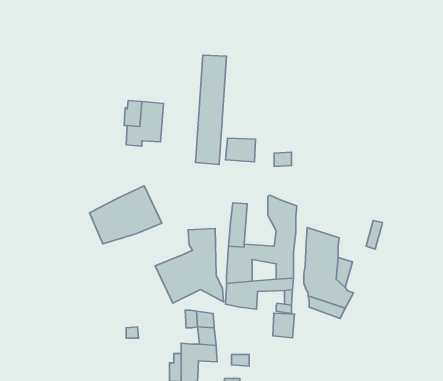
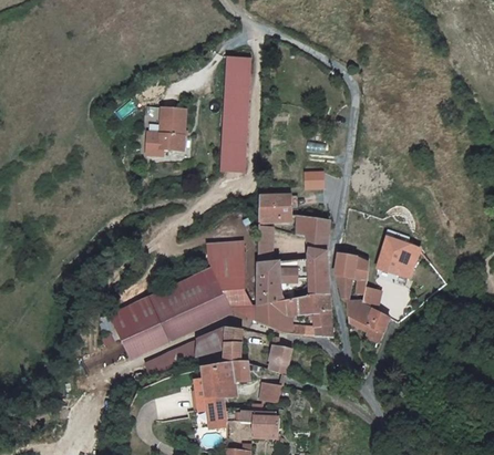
building: [226,138,256,162] -> [259,196,291,221]
building: [89,186,162,244] -> [117,287,195,349]
building: none -> [380,232,410,266]
building: [273,313,295,338] -> [267,350,290,376]

